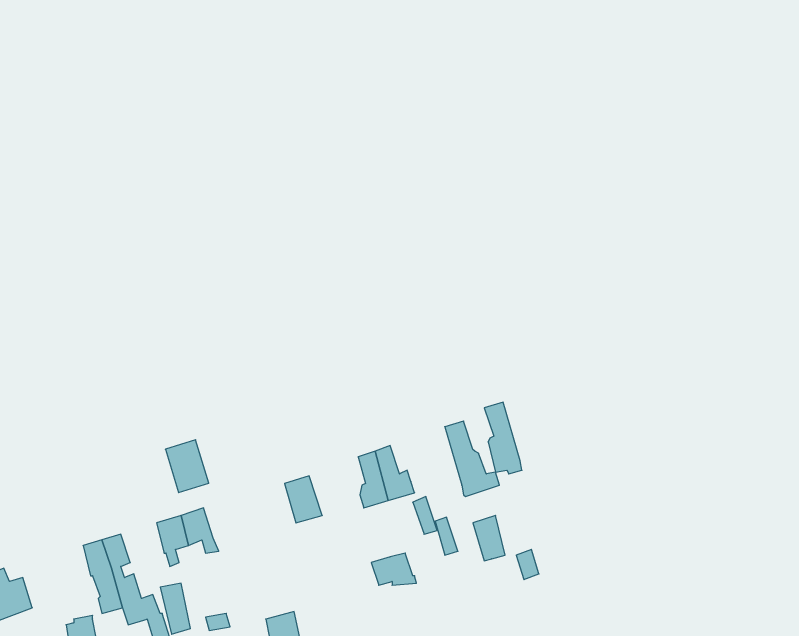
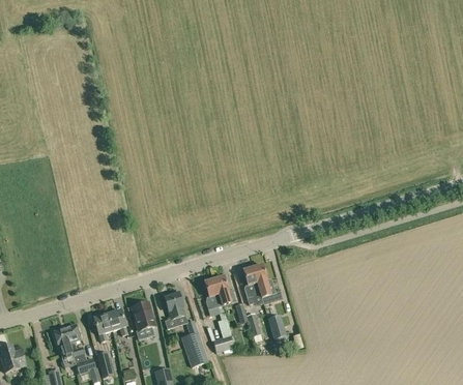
building: [484,402,522,474] -> [242,265,263,304]
building: [165,440,209,493] -> [132,301,155,330]
building: none -> [181,319,208,366]

